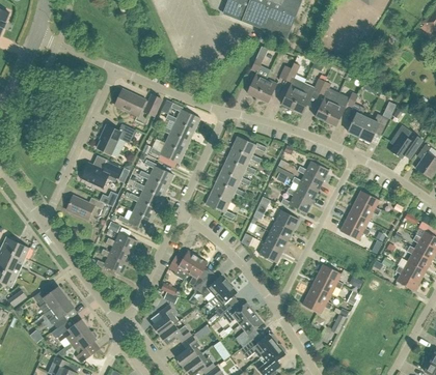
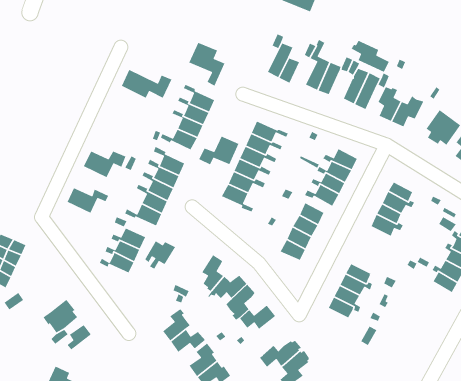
building: none -> [350,40,390,73]
building: none -> [188,42,226,87]
building: [96,122,135,153] -> none
building: none -> [198,136,239,166]
building: [168,249,197,276] -> [144,240,176,270]
building: [32,285,65,312] -> none
building: [237,311,263,346] -> none
building: [70,327,100,360] -> none

